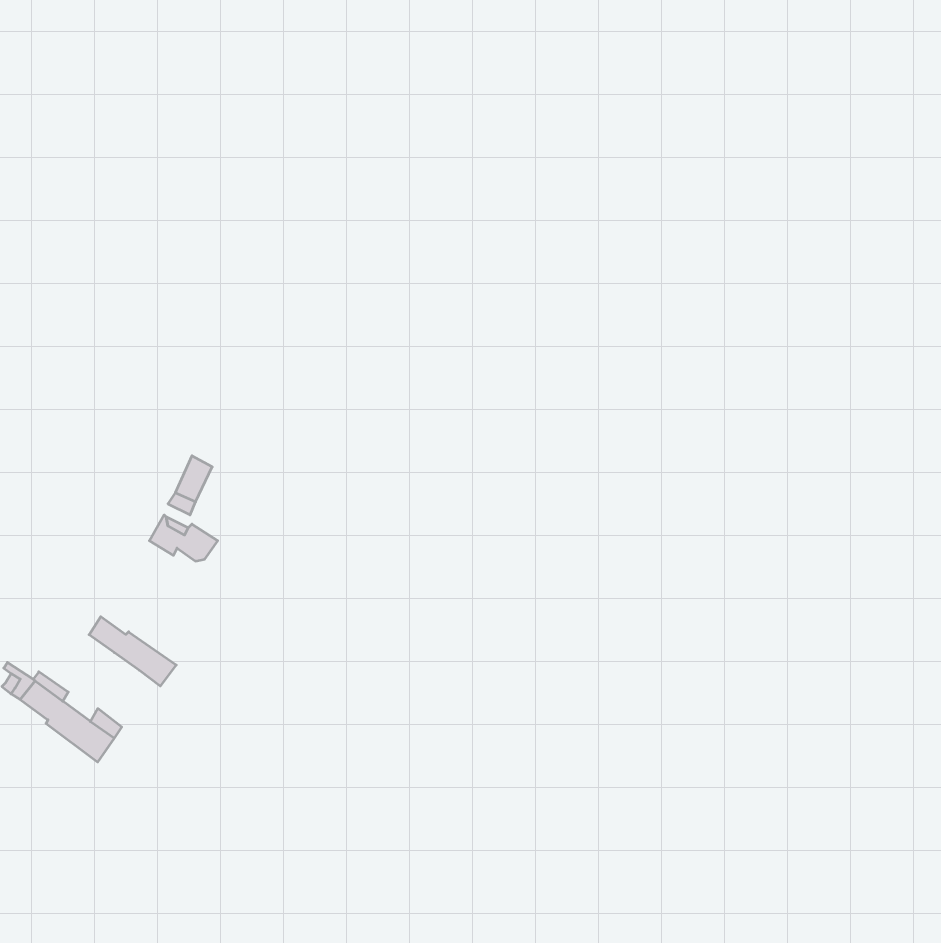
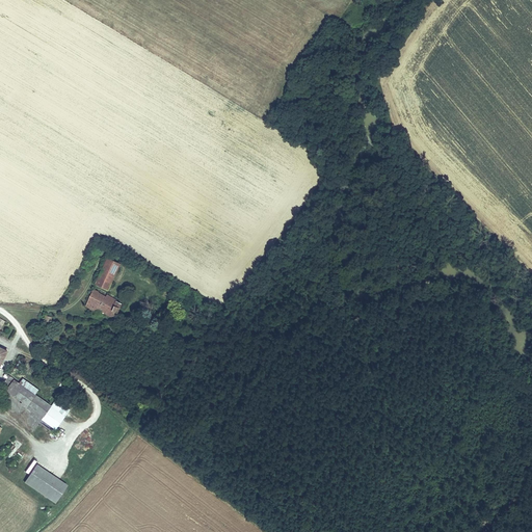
building: [89,617,176,686] -> none
building: none -> [24,464,64,502]

